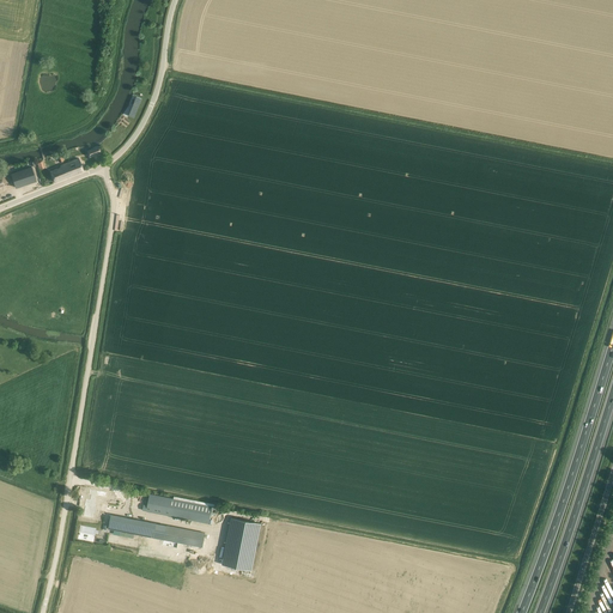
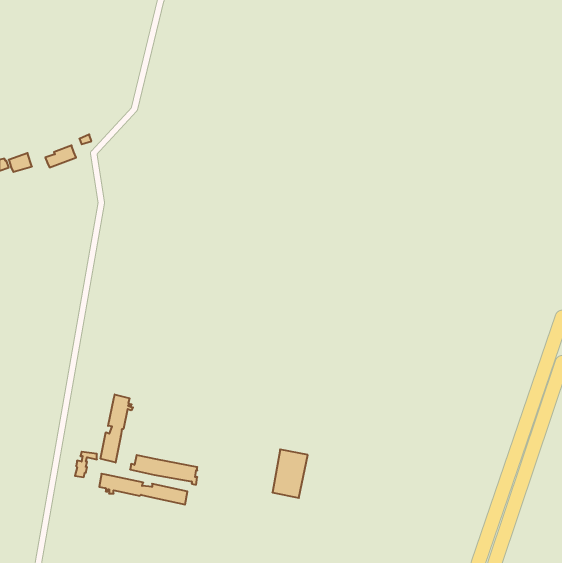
building: none -> [101,394,133,463]
building: [221,517,260,570] -> [272,449,308,498]

